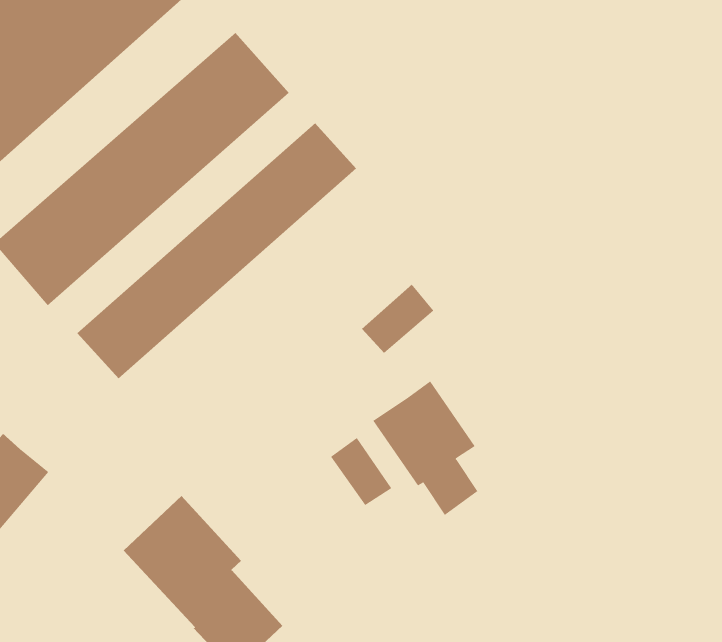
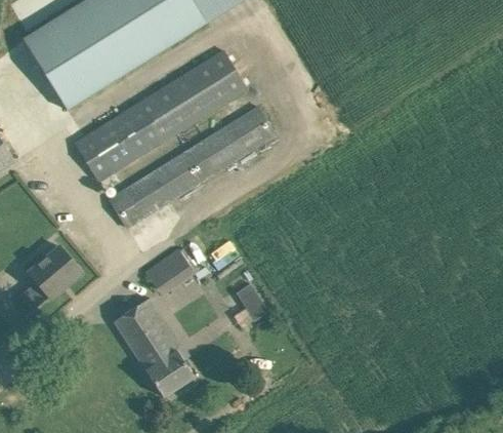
building: [361,284,434,354] -> none
building: [372,381,478,516] -> none
building: none -> [144,248,195,296]

